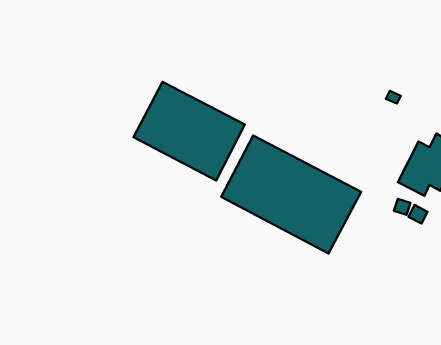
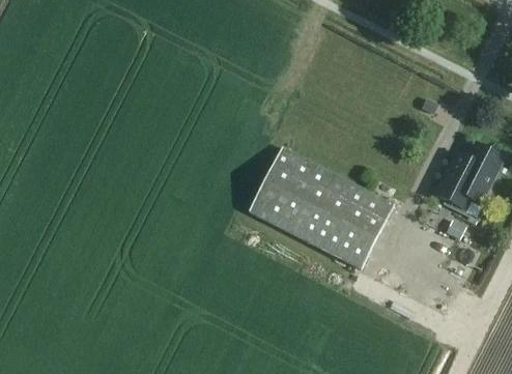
building: [133,82,245,180] -> none

